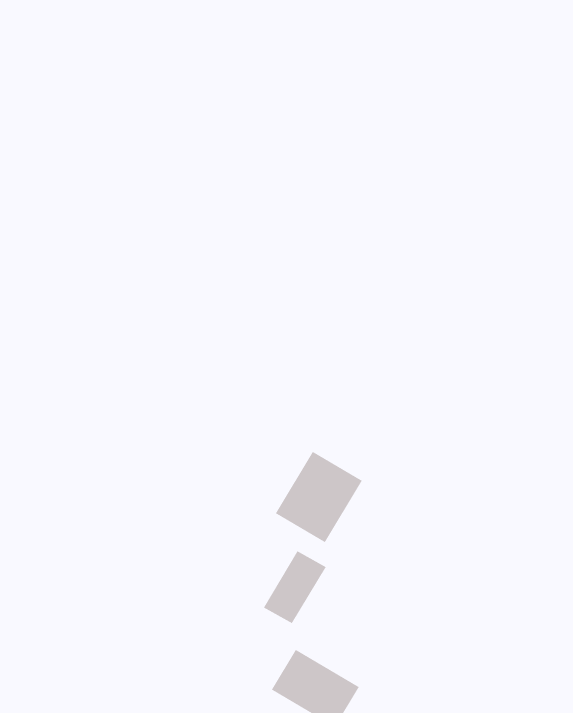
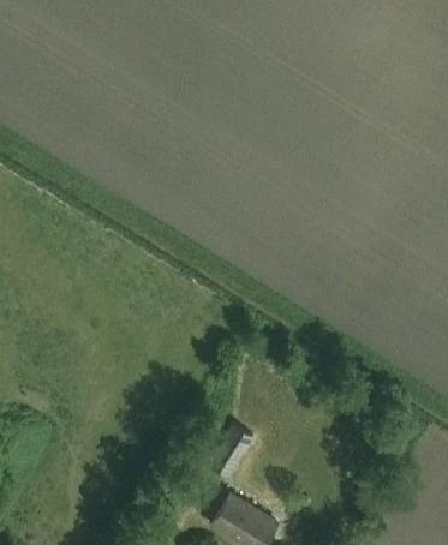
building: [275,451,363,543] -> none

